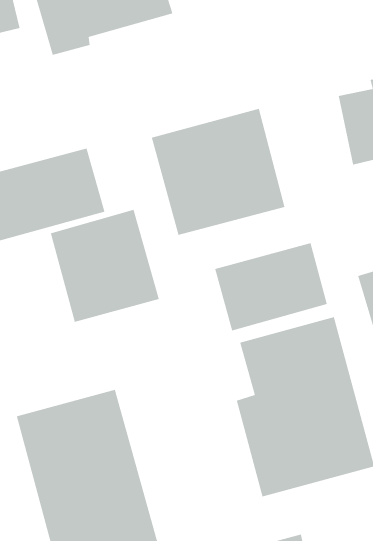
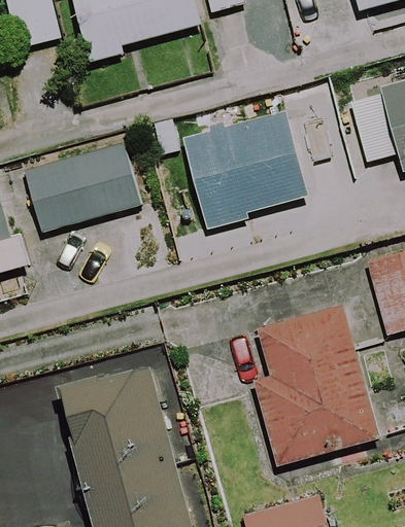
building: [50,209,160,323] -> none
building: [214,242,328,332] -> none

